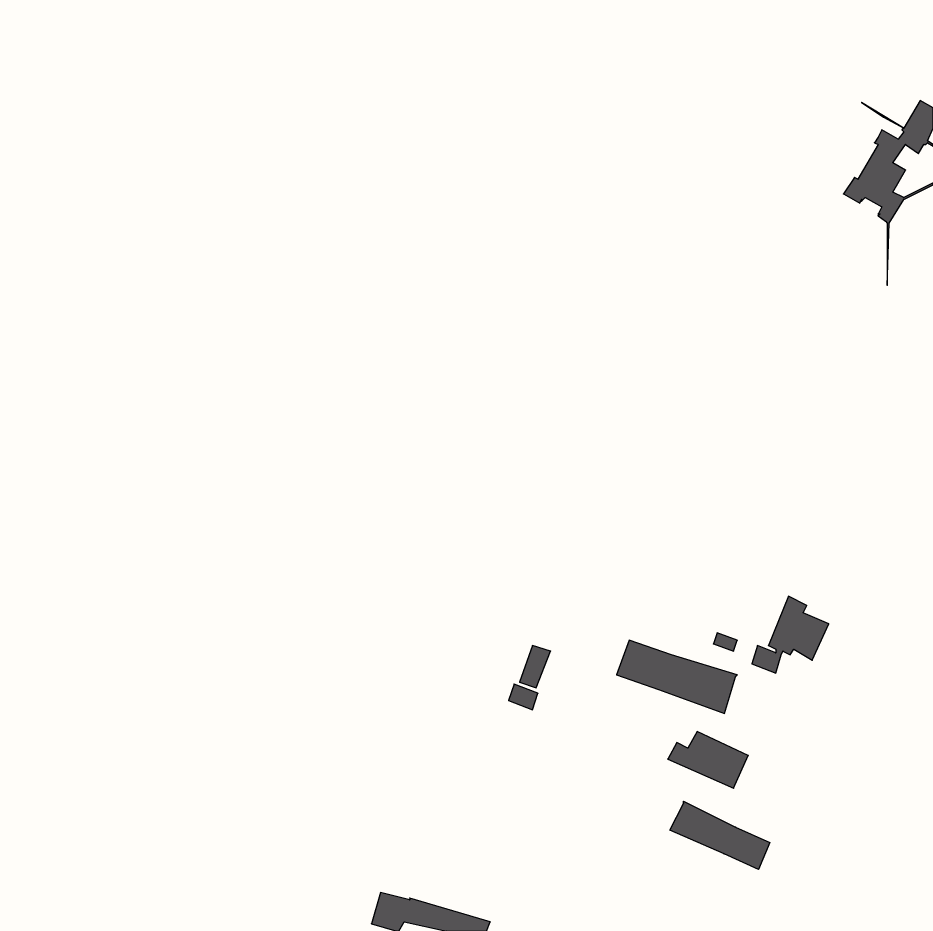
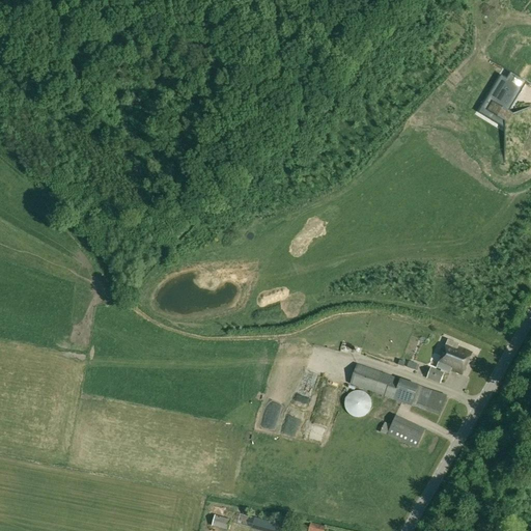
building: none -> [411,384,446,414]
building: none -> [344,389,370,415]
building: [670,801,770,869] -> none

